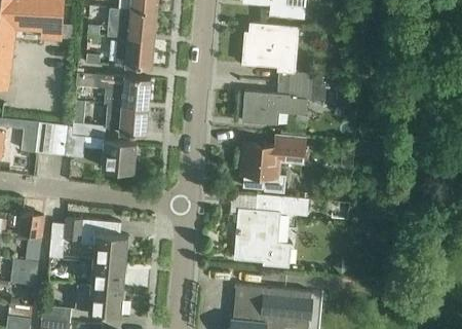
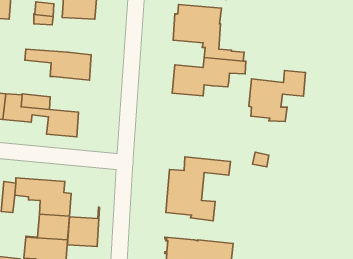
building: [116,38,155,69] -> none
building: [107,105,149,136] -> none
building: [241,136,305,193] -> [249,71,305,122]
building: none -> [67,207,100,247]

